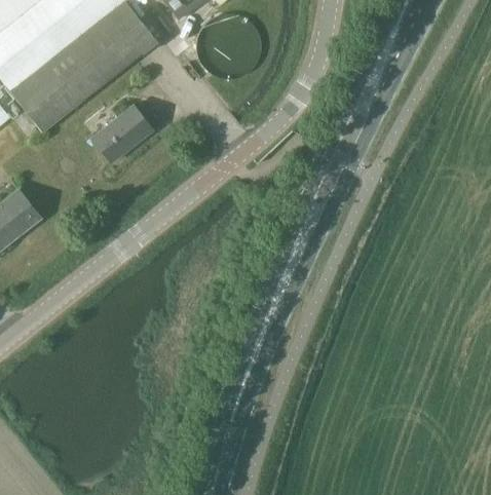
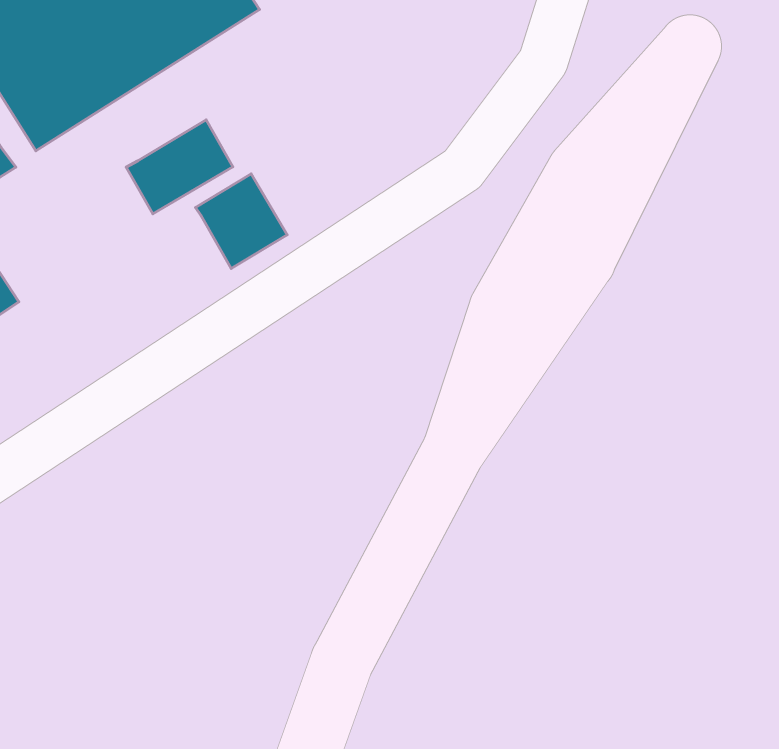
building: none -> [195,174,287,268]

